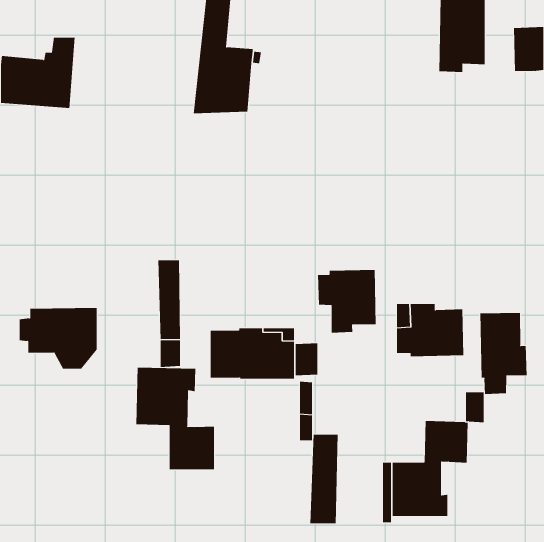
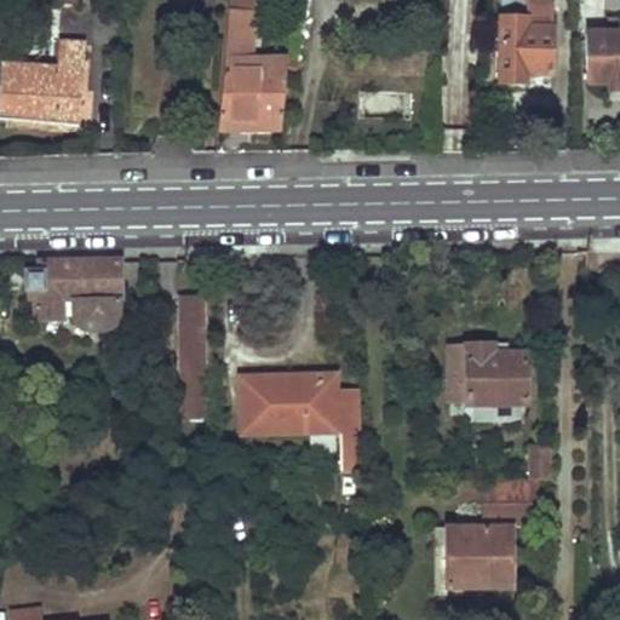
building: [317,269,376,334] -> none
building: [19,307,98,369] -> [28,260,117,331]
building: [480,312,527,395] -> none
building: [136,367,214,470] -> none
building: [310,434,338,524] -> none

